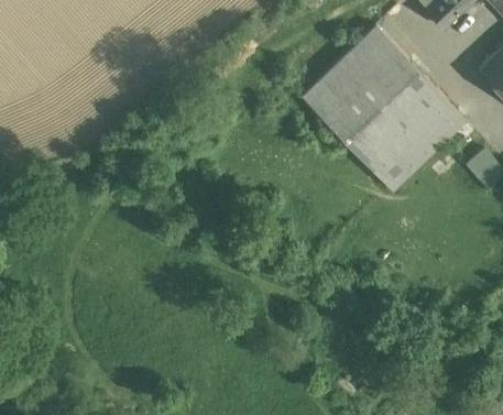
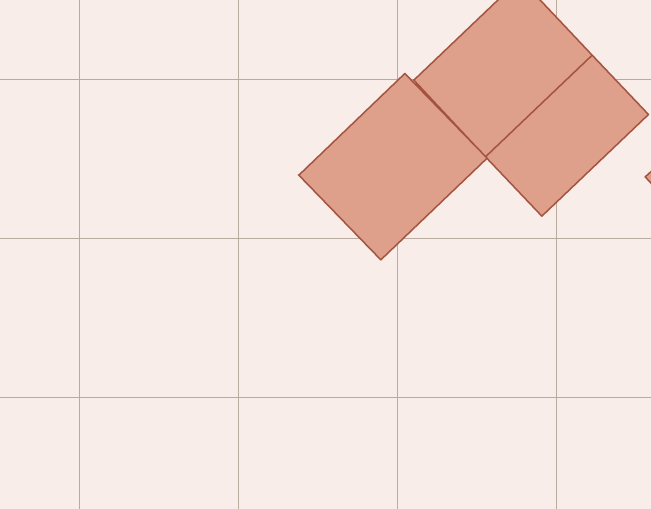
building: none -> [299,74,487,260]

